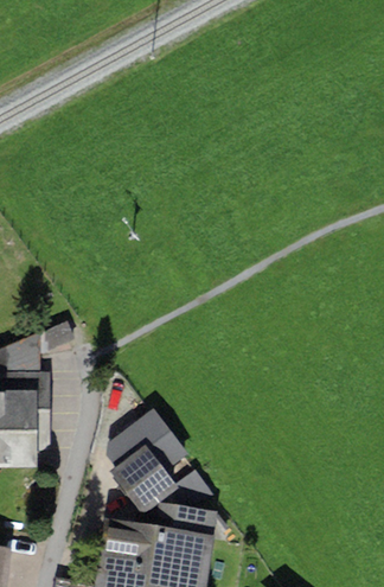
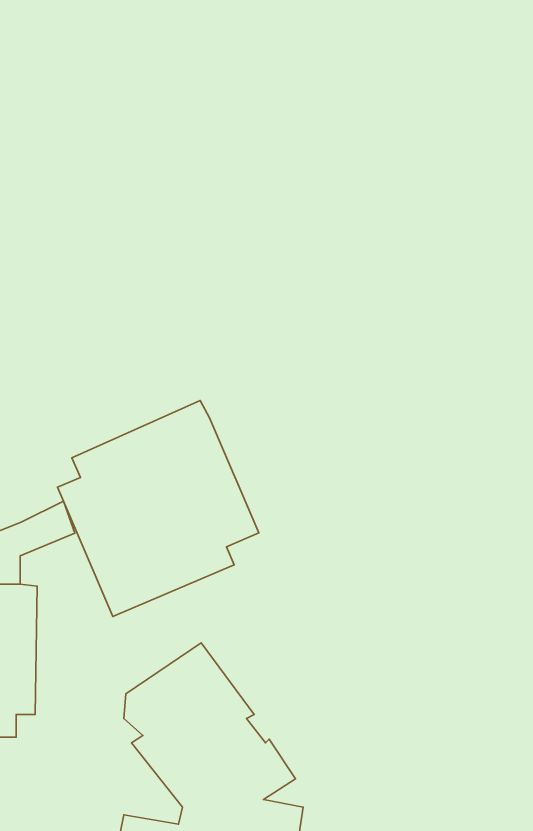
building: none -> [58,401,259,617]

